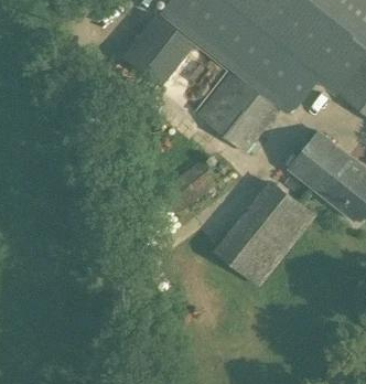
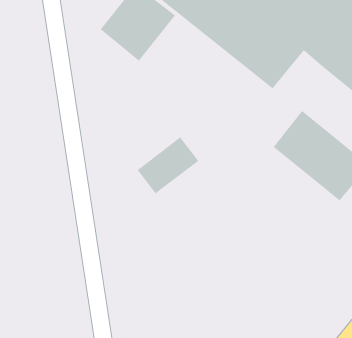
building: [195,71,279,153] -> none
building: [213,181,315,287] -> none

